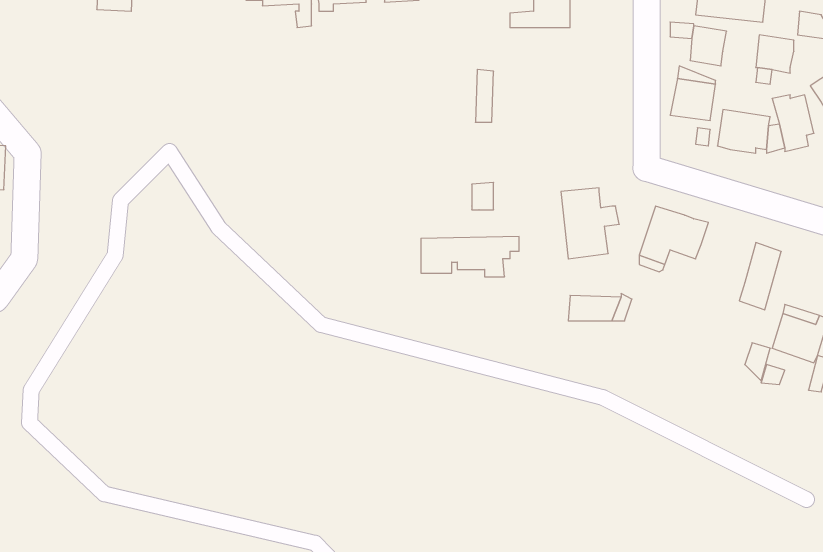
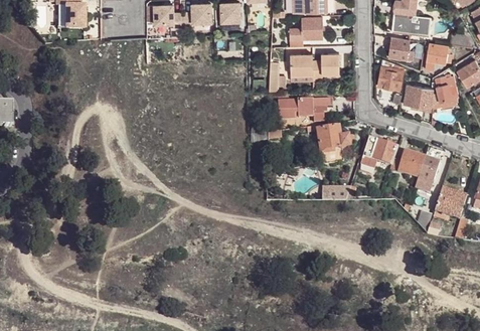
building: none -> [291,52,339,76]
building: none -> [390,149,424,178]
building: [421,237,519,277] -> [278,99,332,121]

